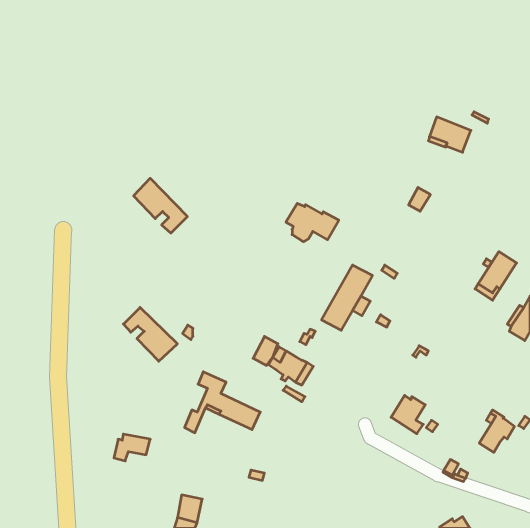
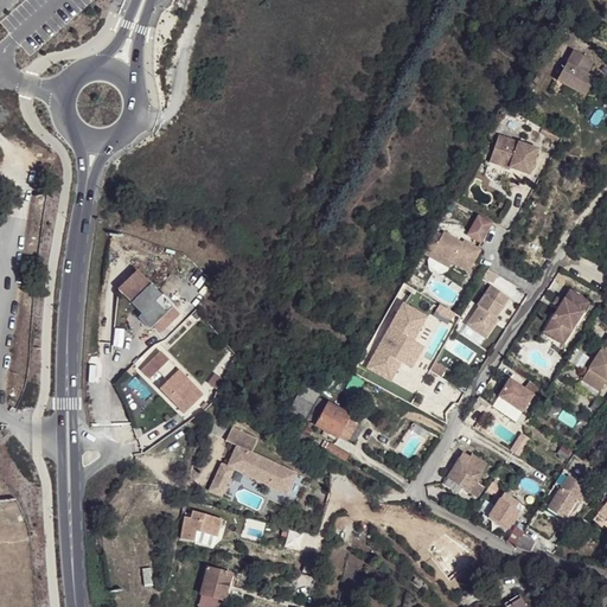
building: none -> [557,50,594,95]
building: [134,178,187,233] -> [119,270,180,333]
building: [286,203,339,242] -> [421,230,481,274]
building: none -> [466,285,510,338]
building: none -> [498,378,547,411]
building: none -> [488,492,524,530]
building: [114,434,150,461] -> [180,509,222,539]

